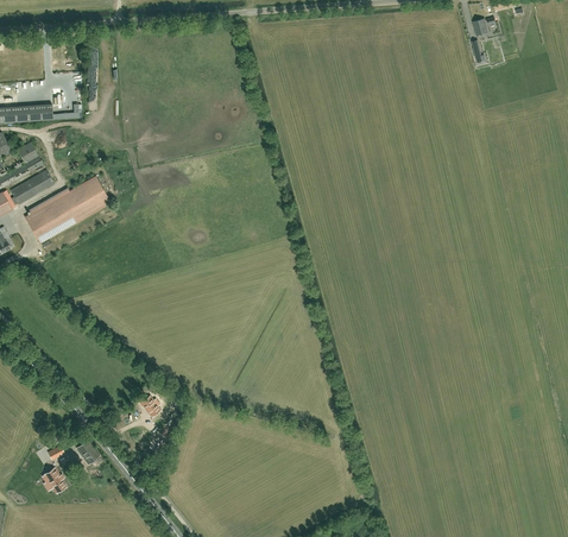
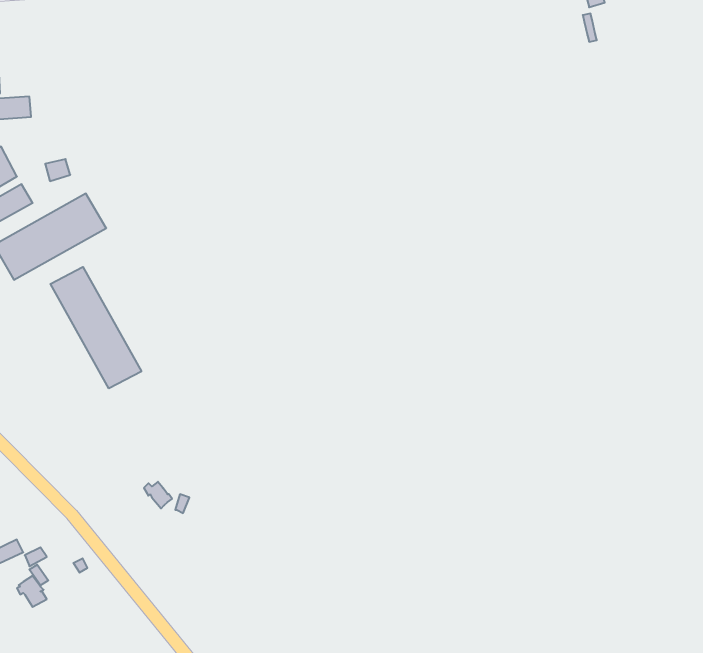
building: none -> [50,267,141,388]

